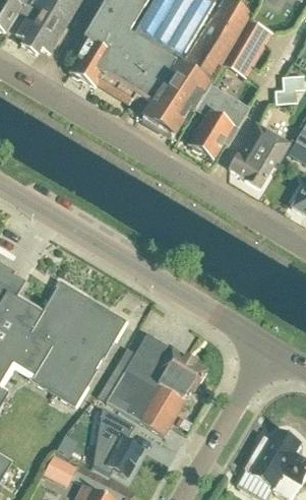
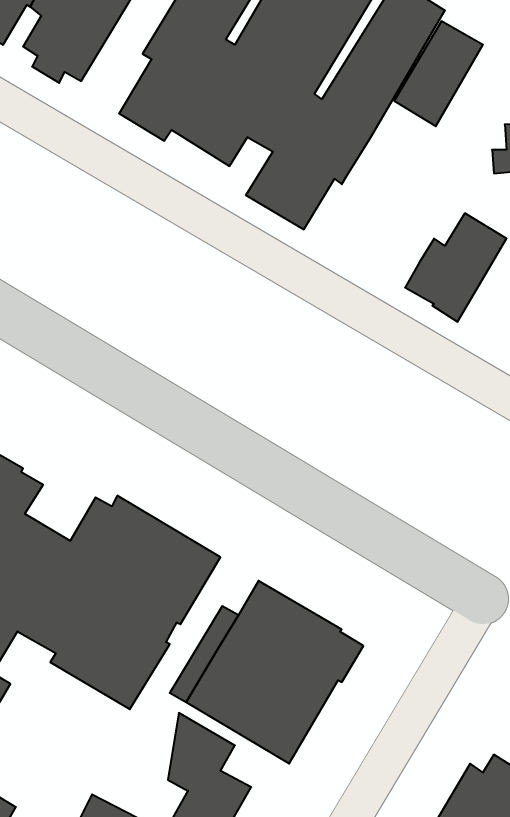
building: [189,84,246,159] -> none

